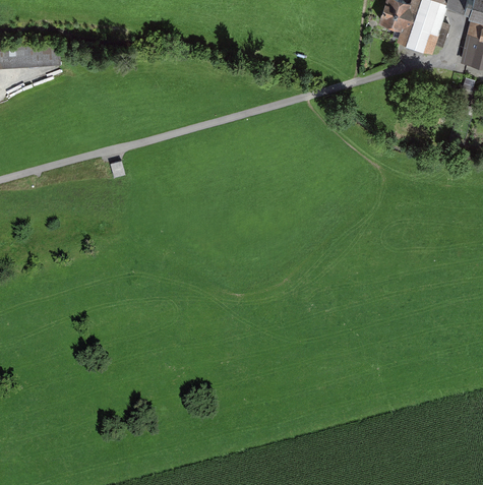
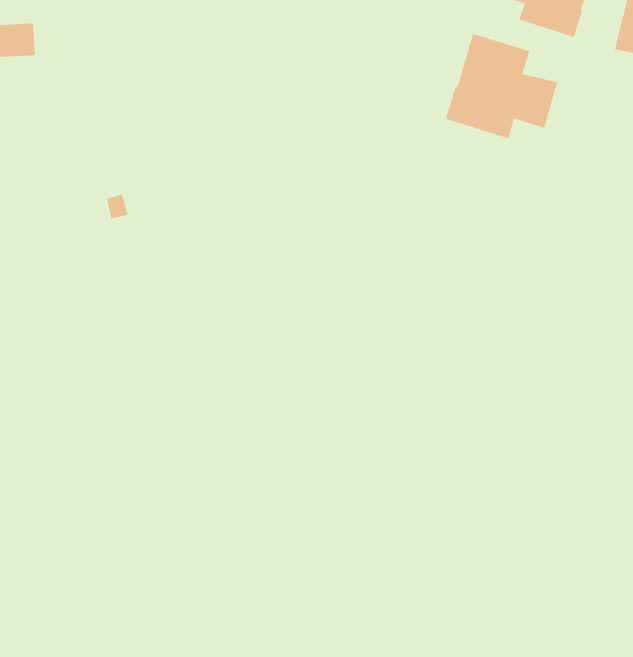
building: none -> [445,33,558,139]

